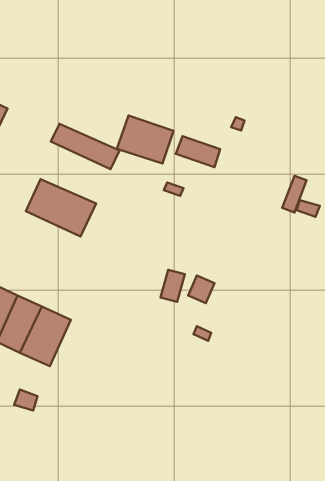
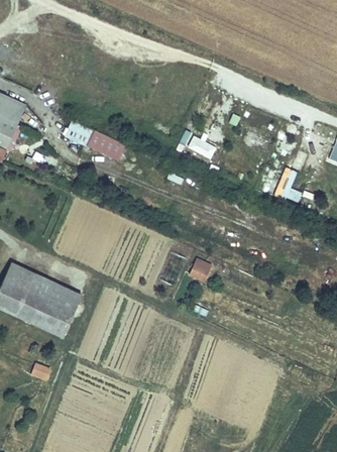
building: [117,115,174,163] -> none
building: [26,179,96,236] -> none

